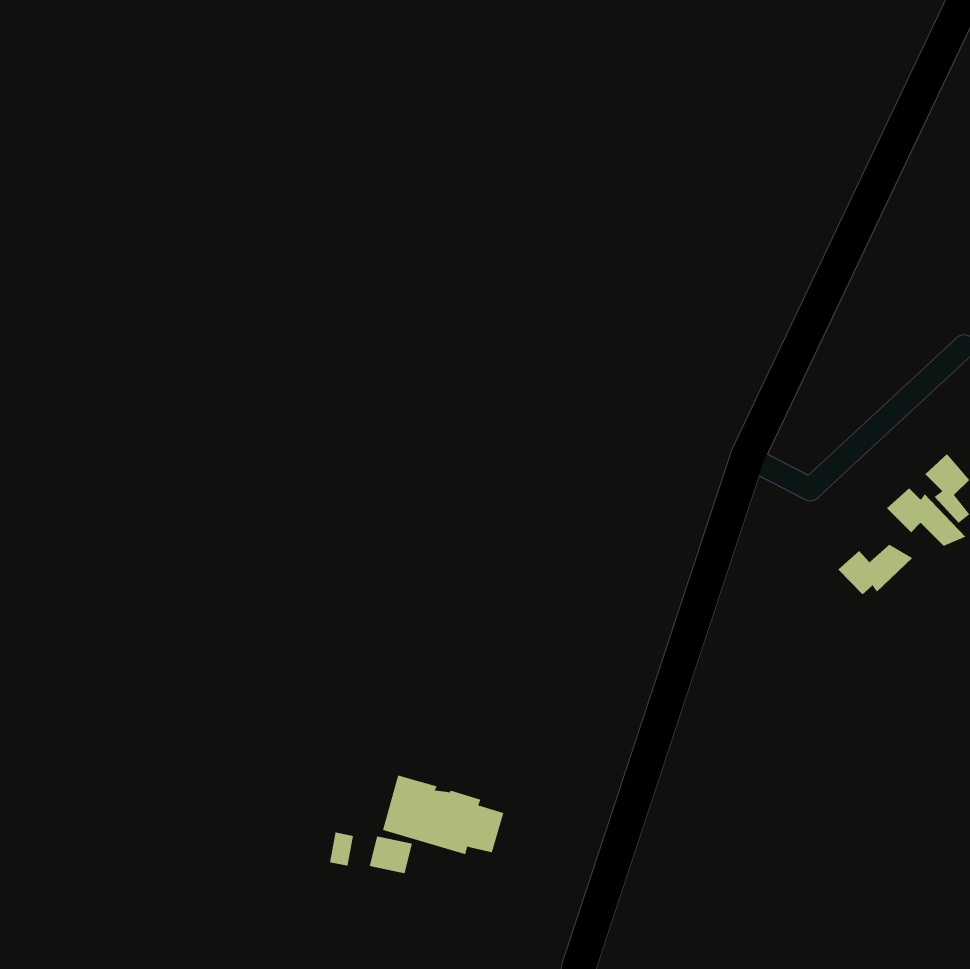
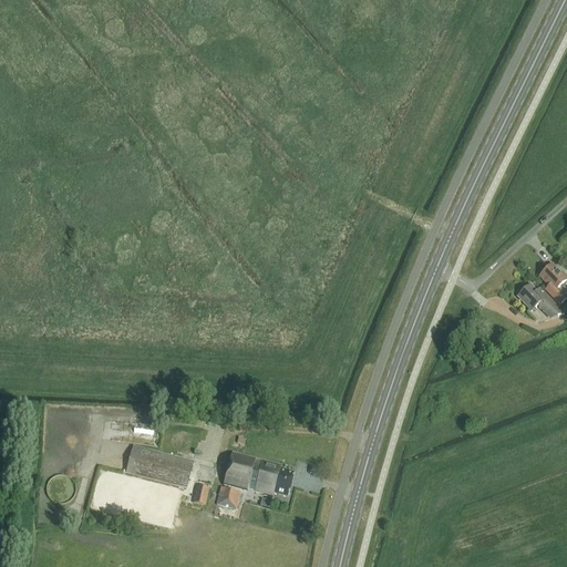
building: [838,544,913,595] -> none
building: none -> [125,445,192,487]

